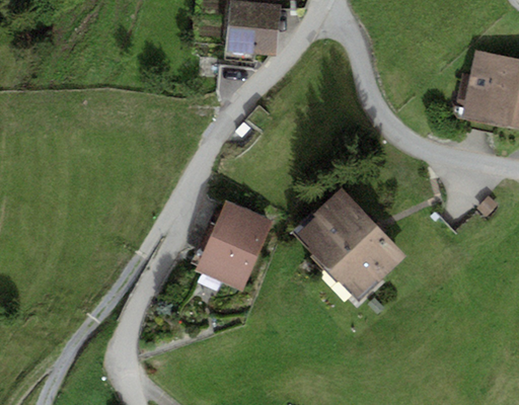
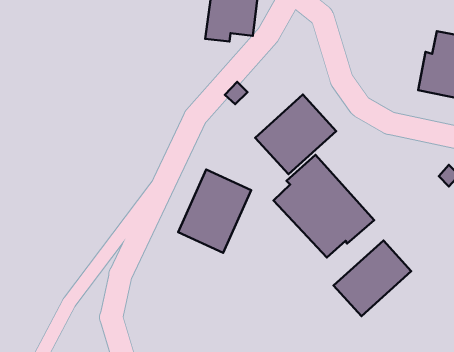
building: none -> [255,95,336,174]
building: none -> [333,241,411,316]

